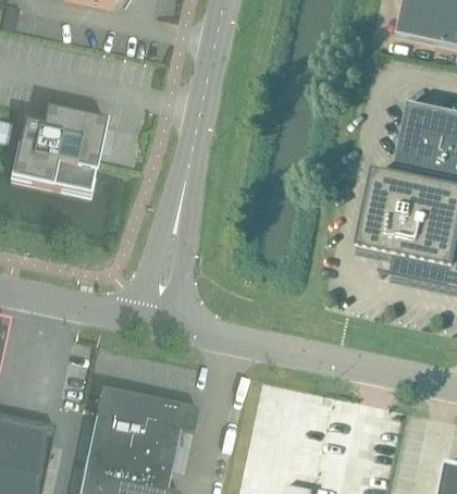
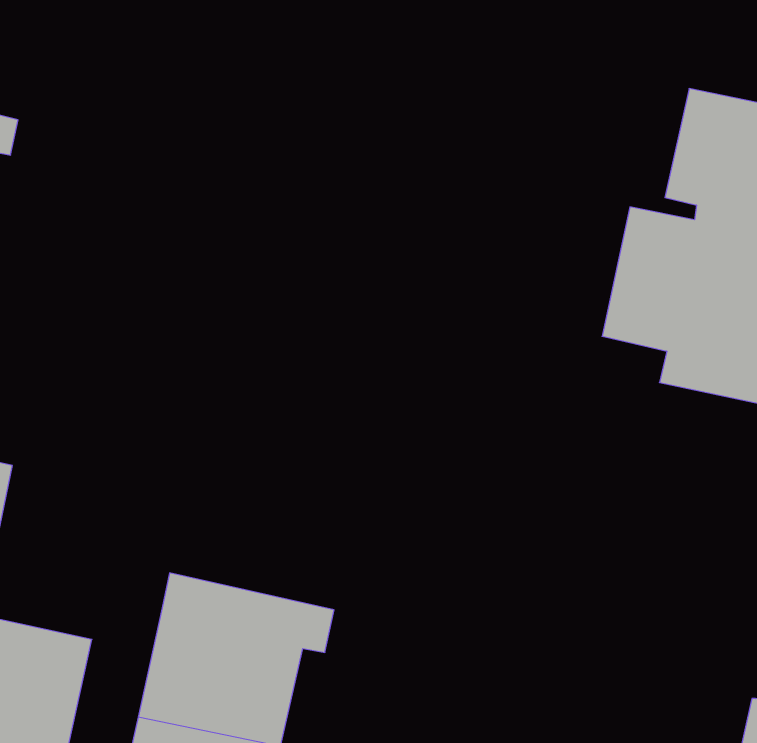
building: [13,110,103,194] -> none

